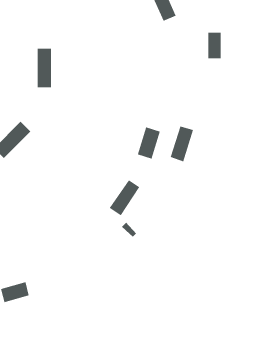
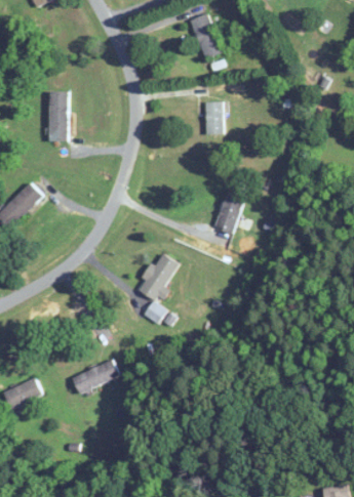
building: [207,32,222,59] -> [205,101,223,134]
building: [137,126,161,159] -> none
building: none -> [71,360,119,395]

